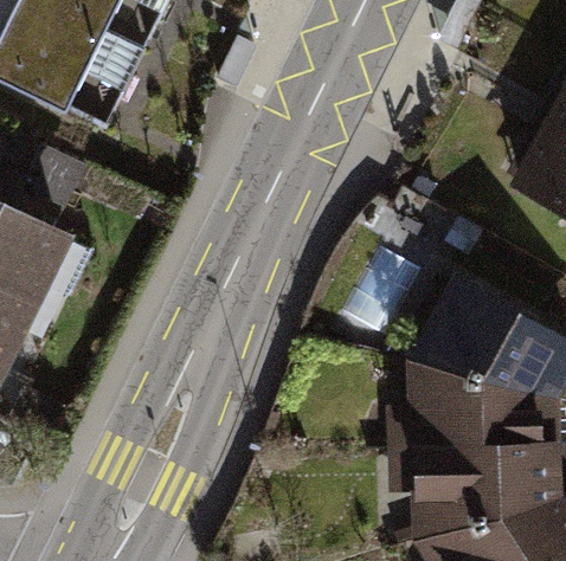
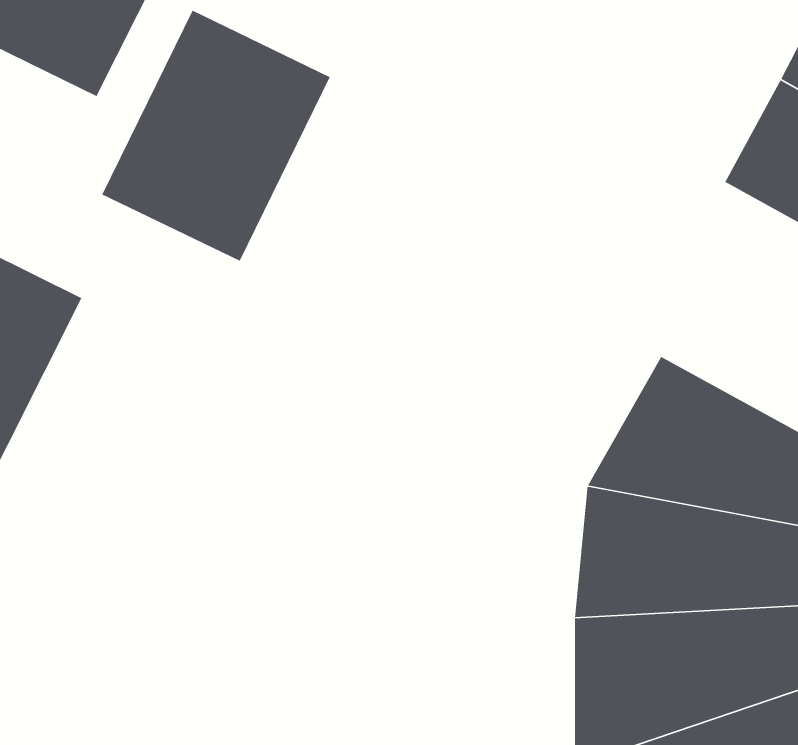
building: none -> [101,10,331,262]

